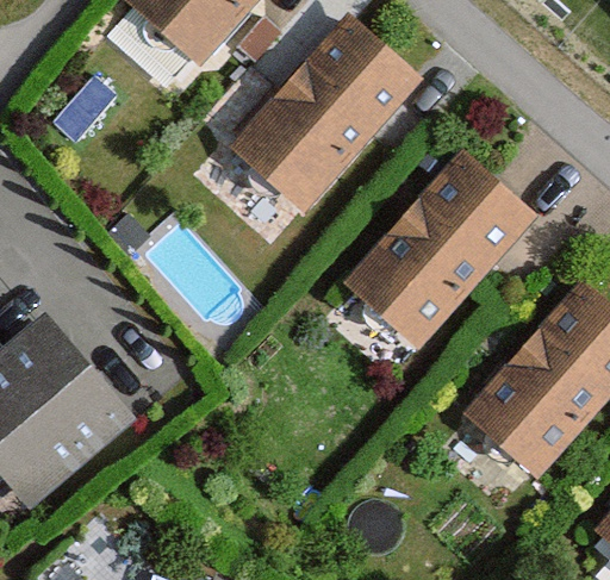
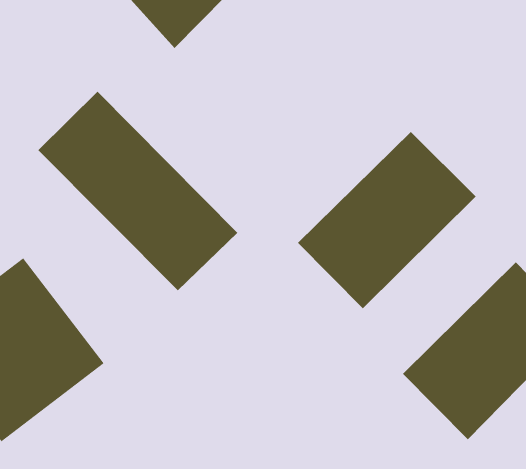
building: [228,18,418,213] -> none
building: none -> [37,91,238,291]

